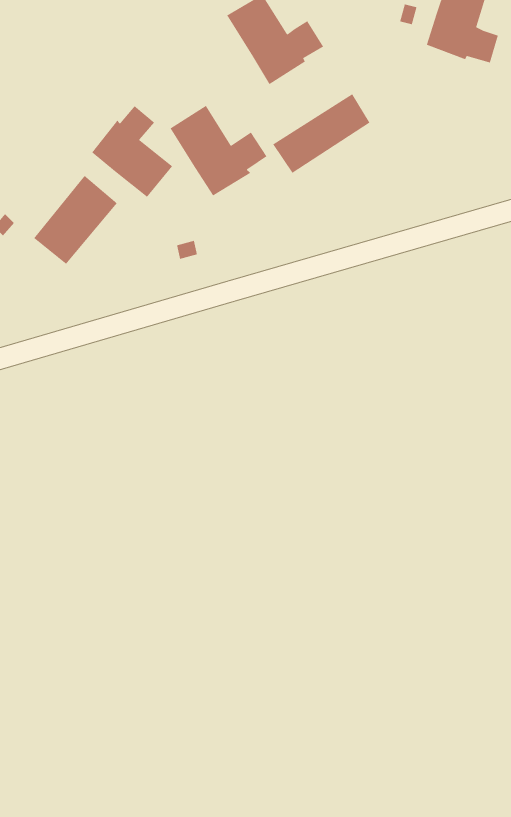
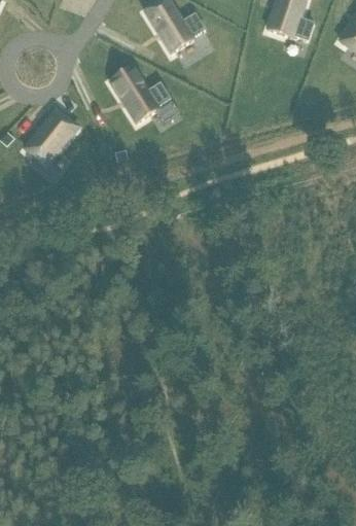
building: [272,93,371,174] -> none
building: [91,105,173,198] -> none

